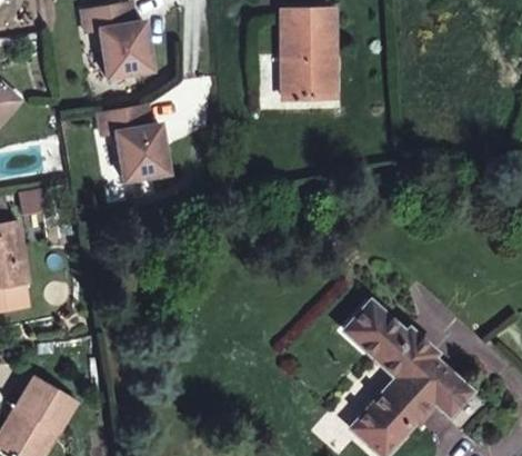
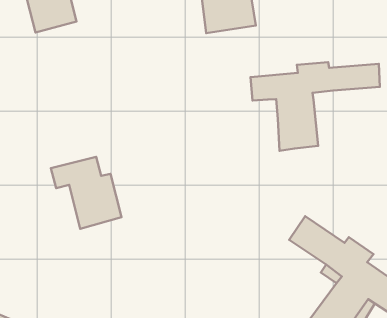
building: [96,107,165,182] -> [51,157,121,229]
building: none -> [250,62,380,151]

